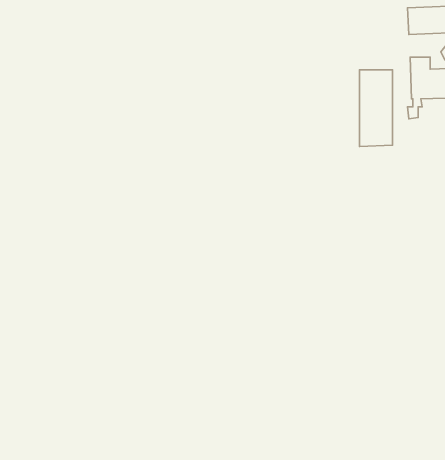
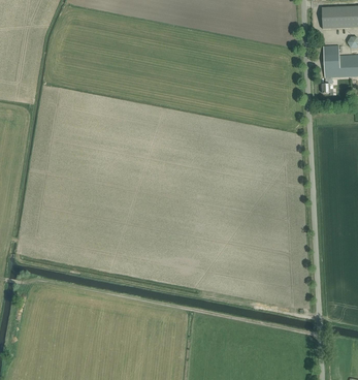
building: [359,70,393,147] -> none

